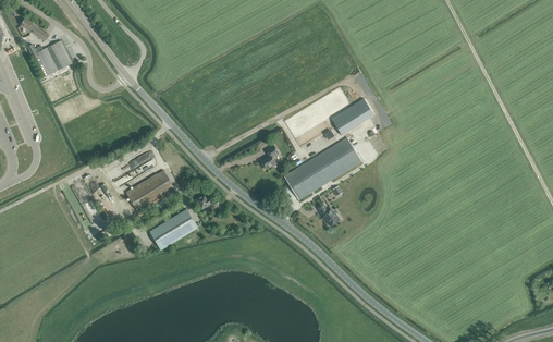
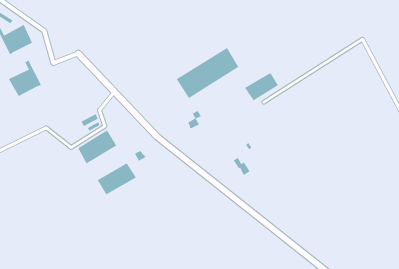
building: none -> [8,60,42,97]
building: [284,136,361,199] -> [176,47,239,99]

